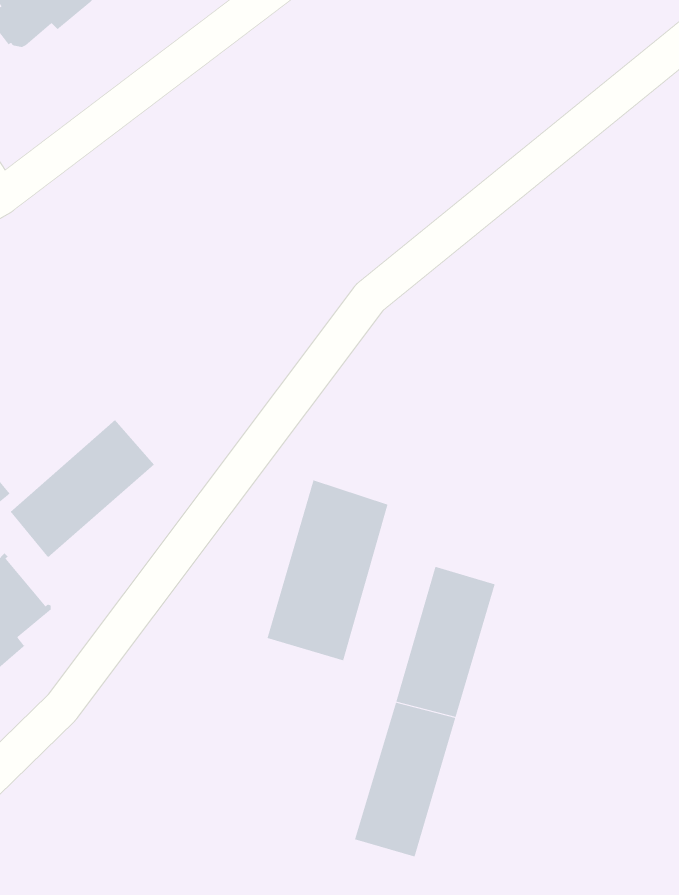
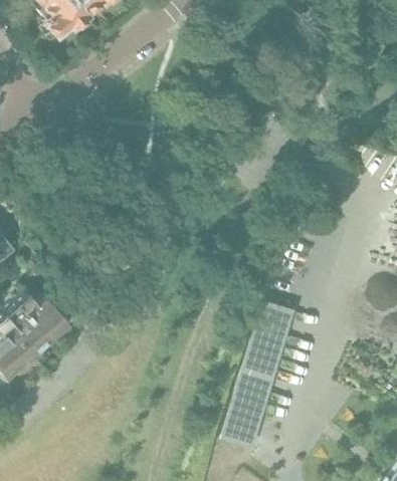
building: [10,419,155,558] -> none
building: [267,480,388,661] -> none

